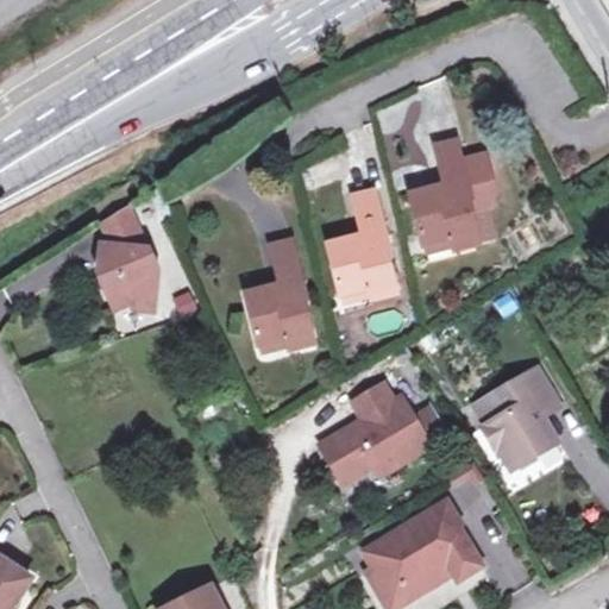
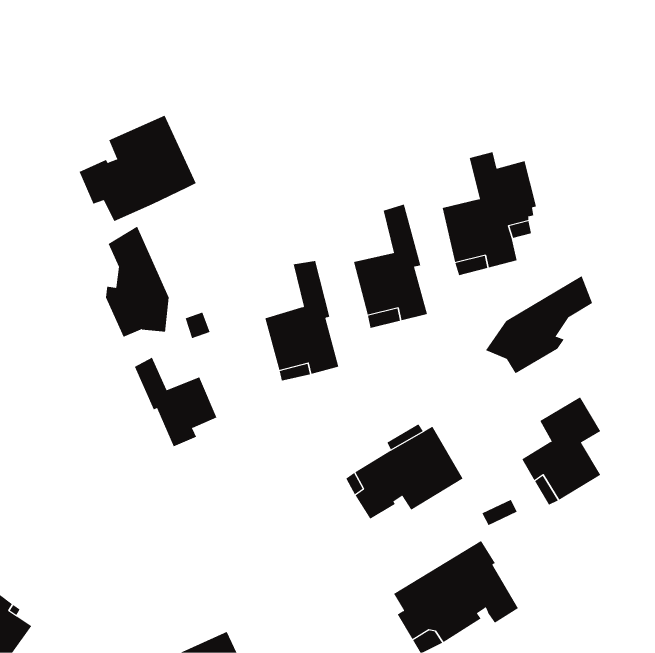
building: none -> [79,115,197,222]
building: none -> [485,275,593,374]
building: none -> [134,357,217,447]

